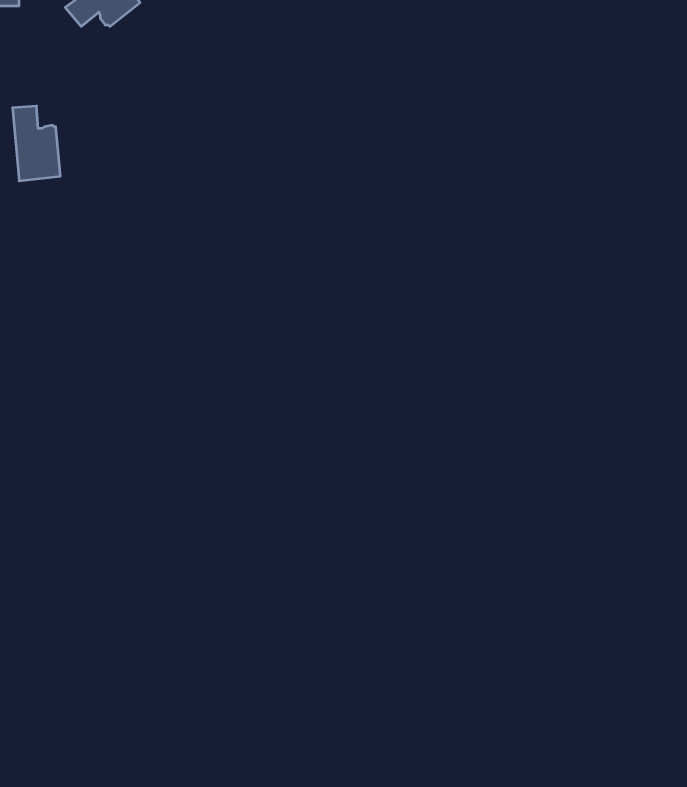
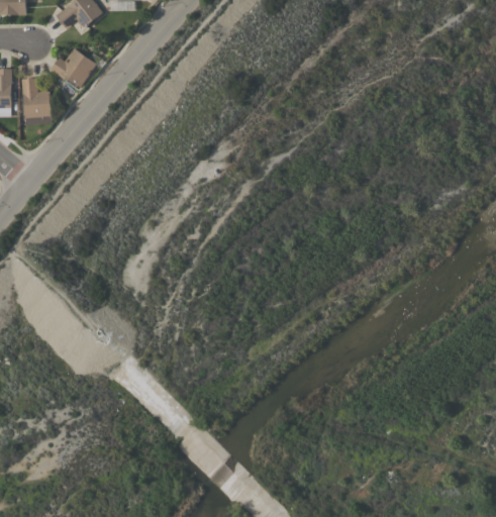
building: none -> [51,47,96,86]

